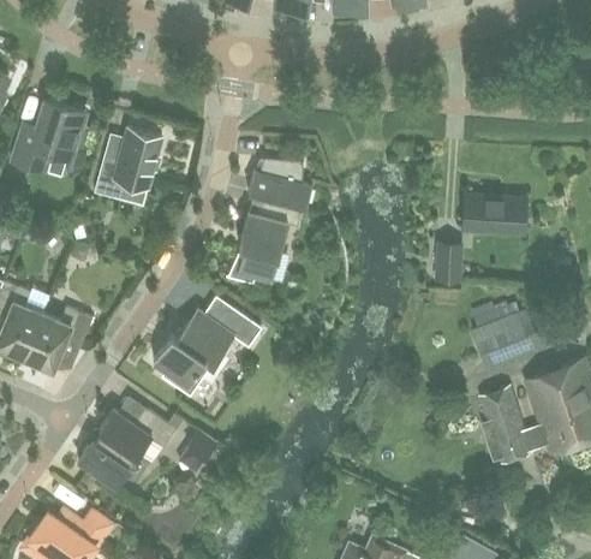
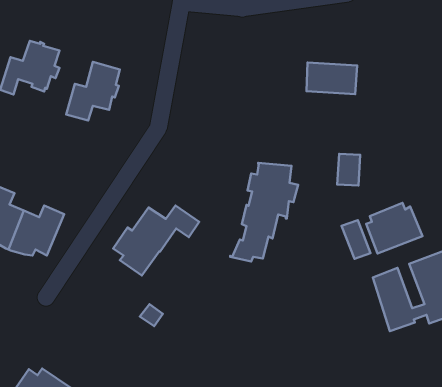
building: [226,159,311,283] -> [230,163,298,261]
building: [462,195,526,234] -> [306,63,357,94]
building: none -> [342,220,371,259]
building: [77,410,175,488] -> none

